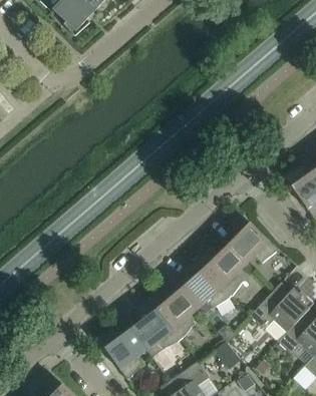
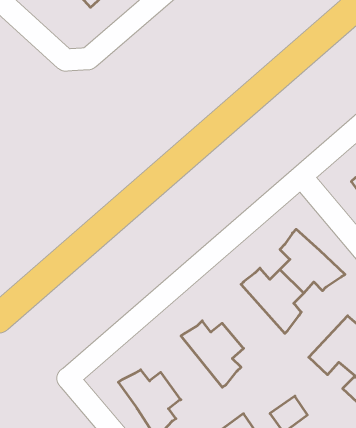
building: [180,258,230,309] -> none
building: [130,299,180,358] -> none

